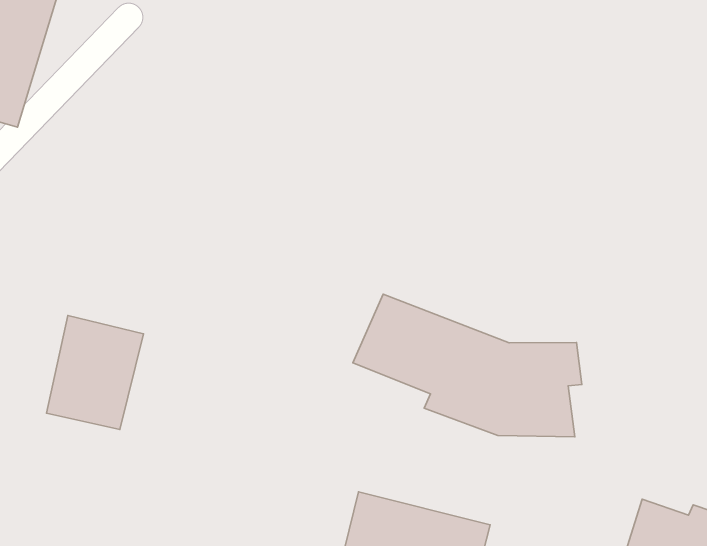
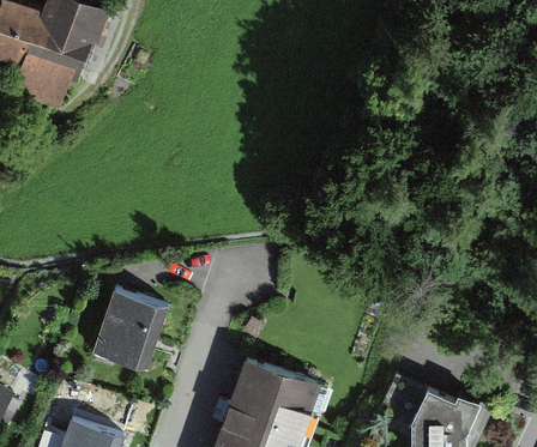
building: [353,294,582,437] -> none
building: [46,316,144,430] -> [97,290,163,364]

